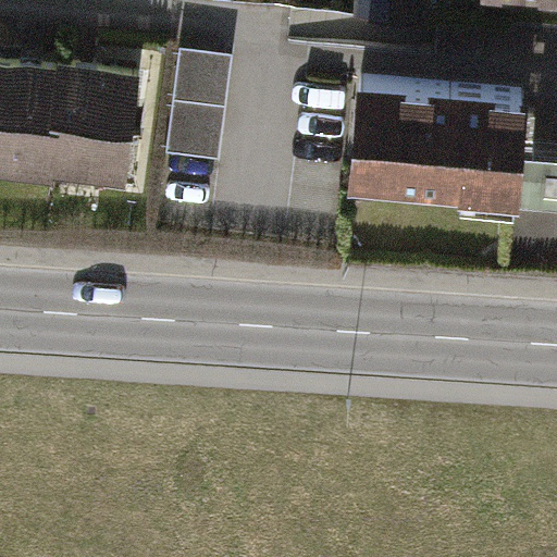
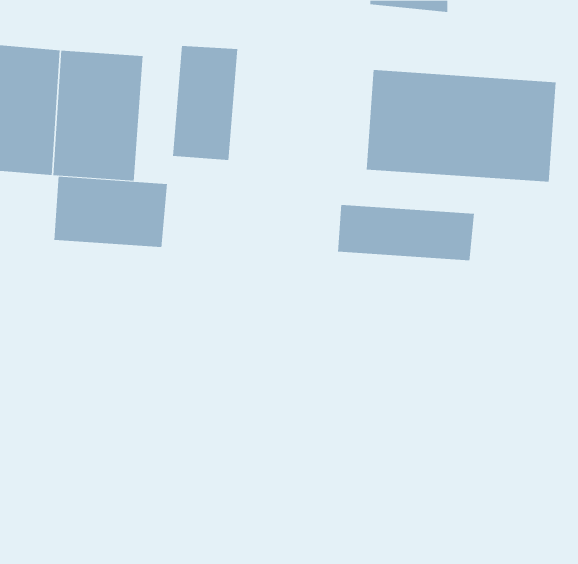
building: none -> [54,176,167,248]
building: none -> [337,204,474,261]

